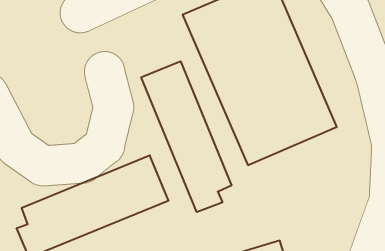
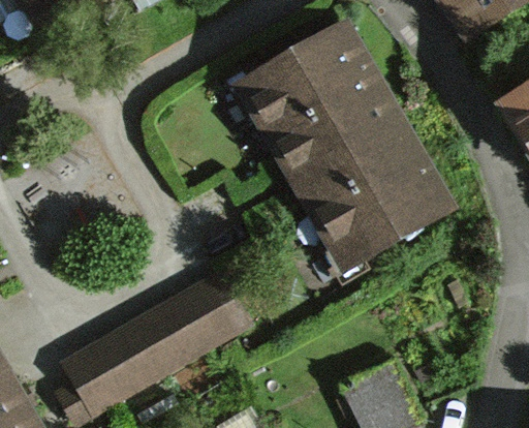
building: [141,61,232,212] -> none

